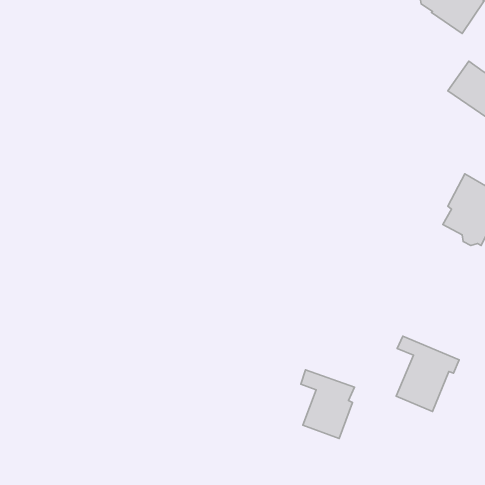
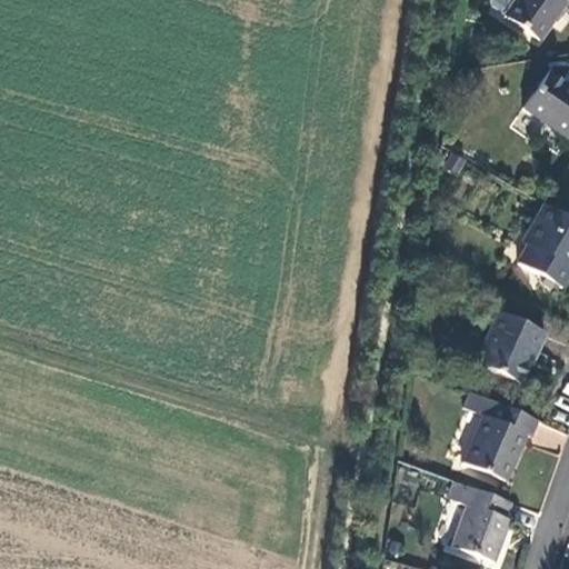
building: none -> [477,310,548,381]
building: [301,370,354,439] -> [451,480,513,560]

